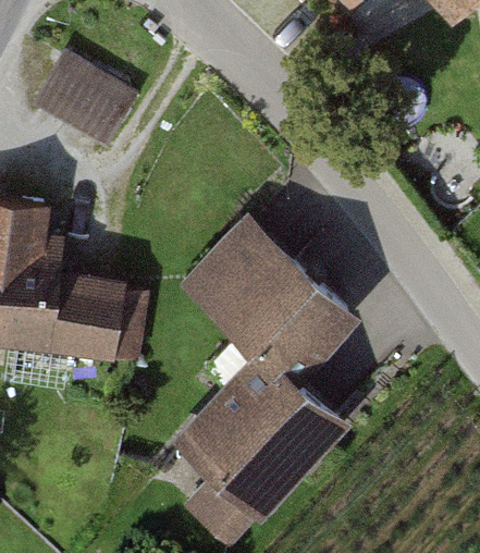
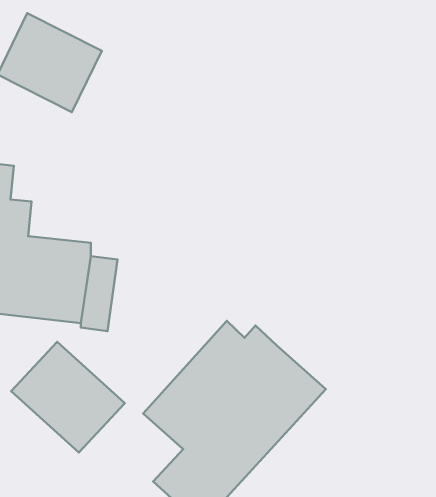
building: [177,218,359,379] -> none
building: none -> [11,342,125,453]

